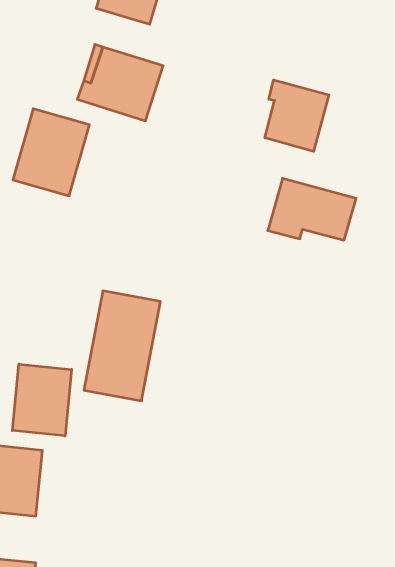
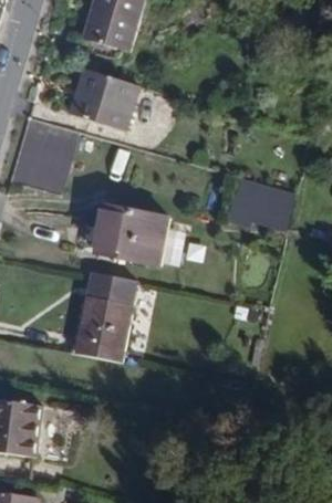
building: [265,80,329,151] -> none
building: none -> [97,199,168,263]
building: [12,364,72,436] -> none

